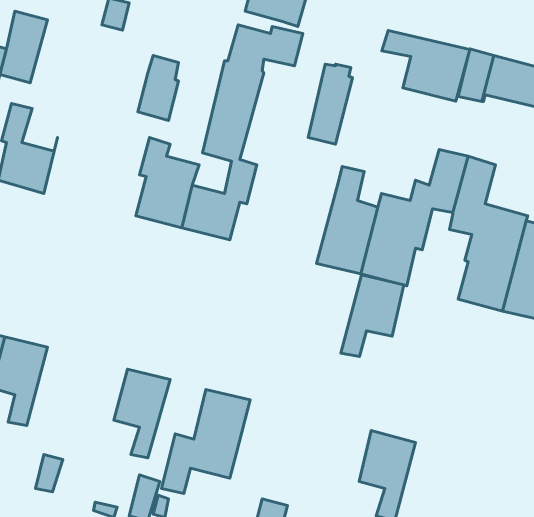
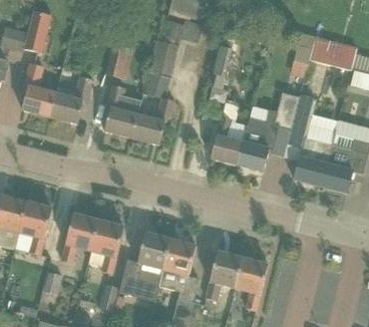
building: [382,31,470,101] -> none
building: none -> [49,76,91,124]
building: [341,275,404,356] -> [205,251,242,299]
building: none -> [60,214,98,263]
building: none -> [158,239,196,291]

